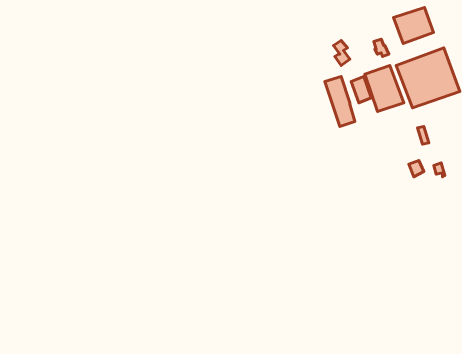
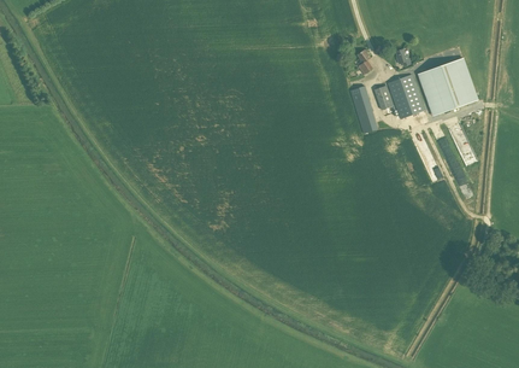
building: [394,7,433,44] -> none

